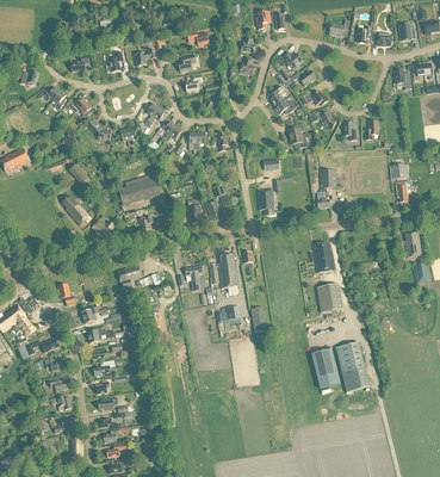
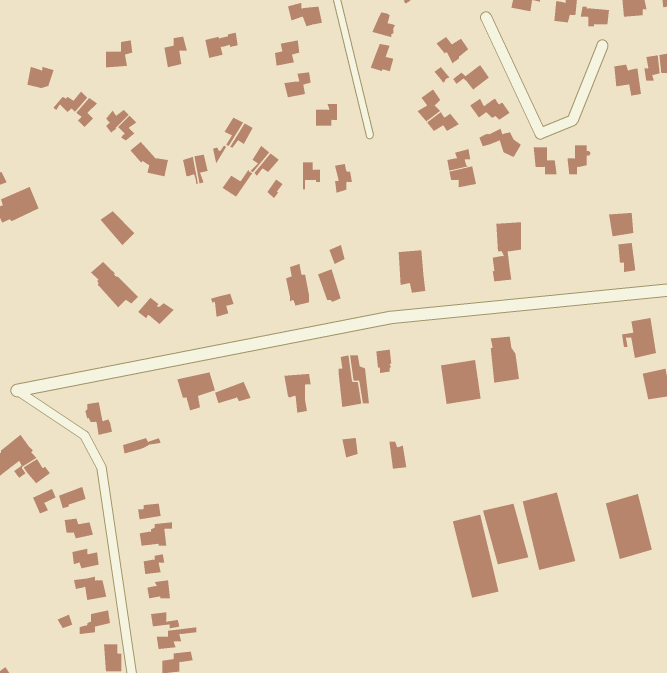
building: [117,175,159,205] -> none
building: [316,283,342,311] -> [440,360,482,405]
building: none -> [605,493,653,560]
building: none -> [452,514,499,598]

